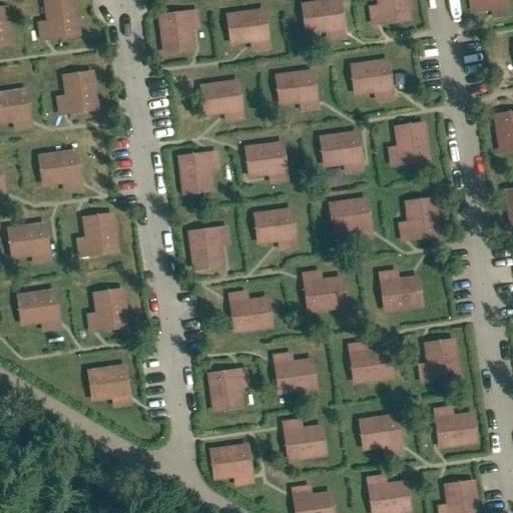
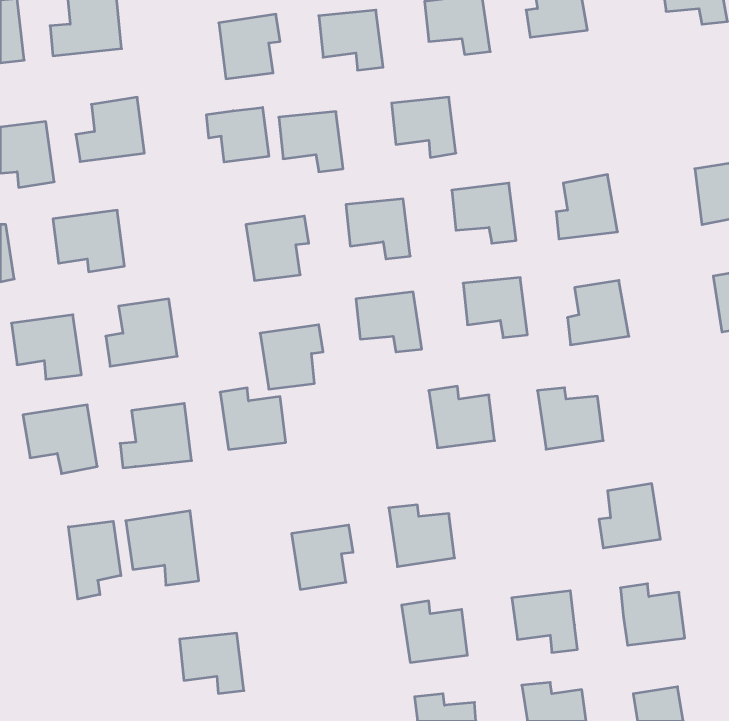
building: [348,56,394,98] -> none
building: none -> [207,107,269,162]
building: [226,293,273,336] -> [220,388,286,449]
building: [348,346,394,389] -> none
building: none -> [68,521,121,599]
building: [208,445,253,487] -> [180,633,244,693]

